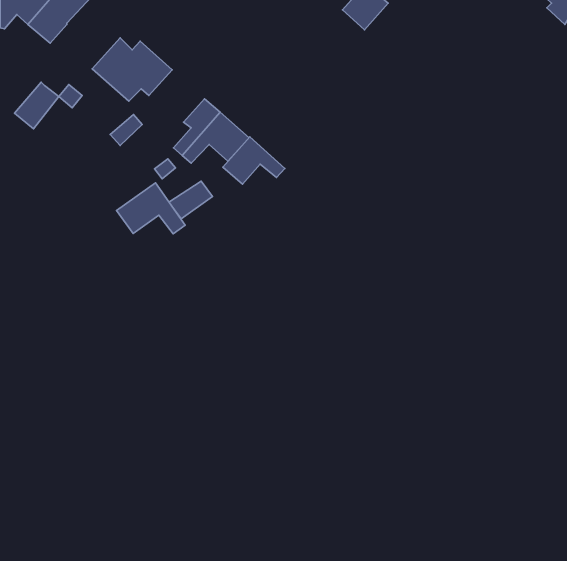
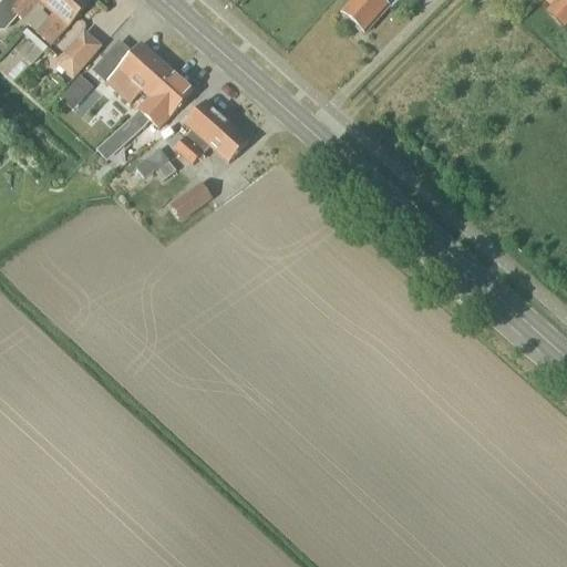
building: none -> [137,70,193,127]
building: [14,82,59,129] -> [56,29,101,75]
building: [223,137,285,184] -> none
building: [116,183,185,234] -> none

